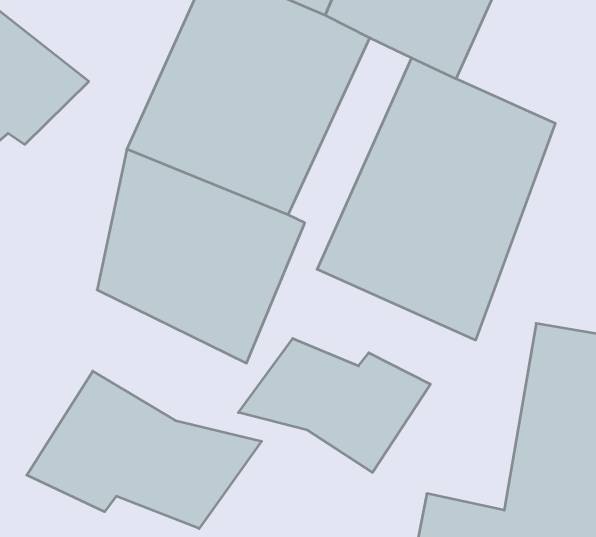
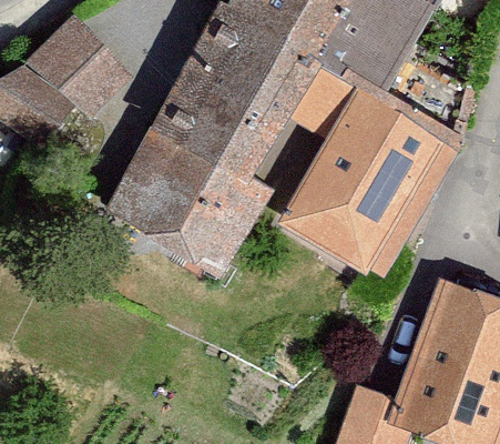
building: [238,338,430,472] -> none
building: [27,371,262,529] -> none

